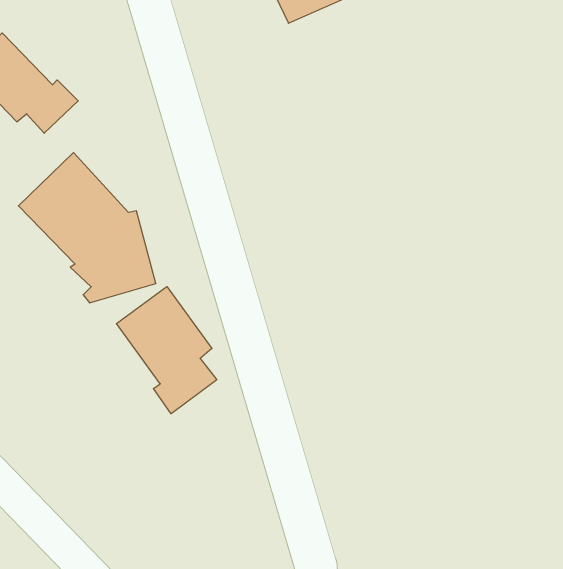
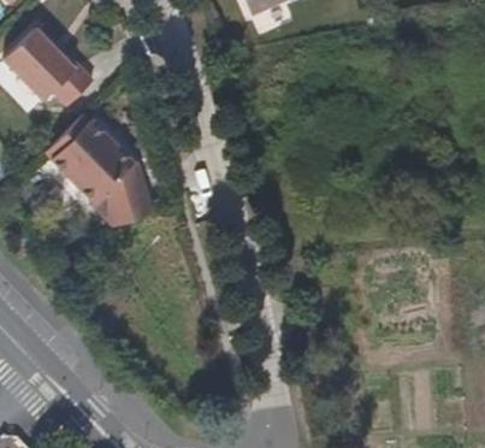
building: [116,287,217,414] -> none

